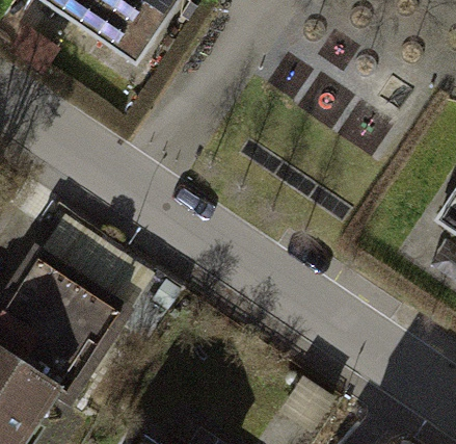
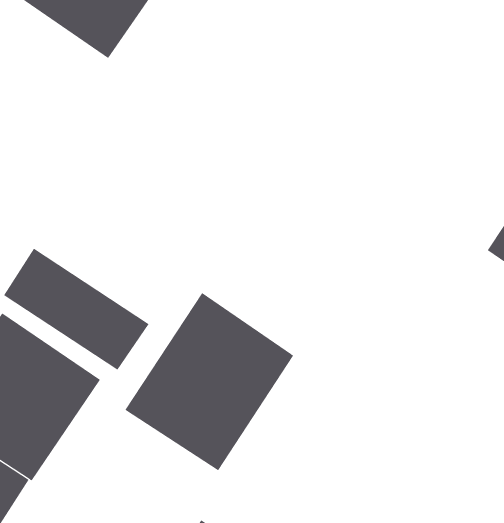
building: none -> [124,292,294,471]

